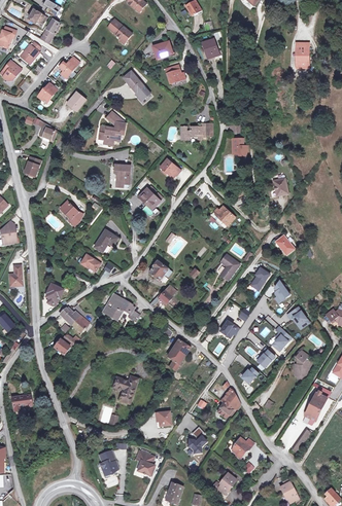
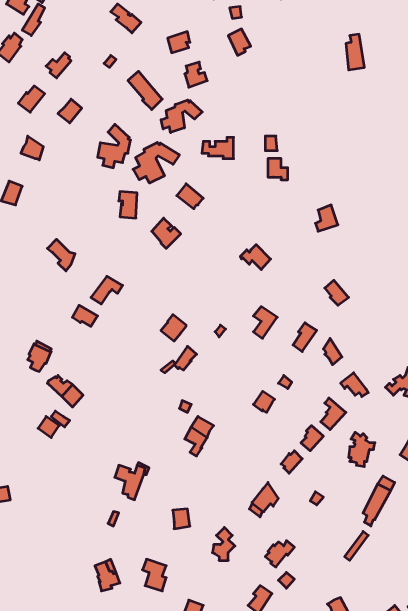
building: none -> [161,100,202,133]
building: none -> [133,142,179,183]
building: [102,293,139,321] -> none

